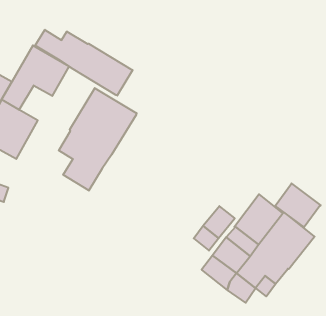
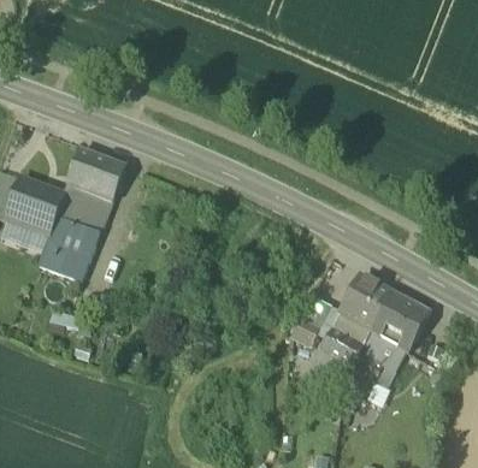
building: [35,30,133,96] -> none
building: none -> [77,192,112,231]
building: [59,88,137,191] -> none
building: [275,183,321,227] -> none

